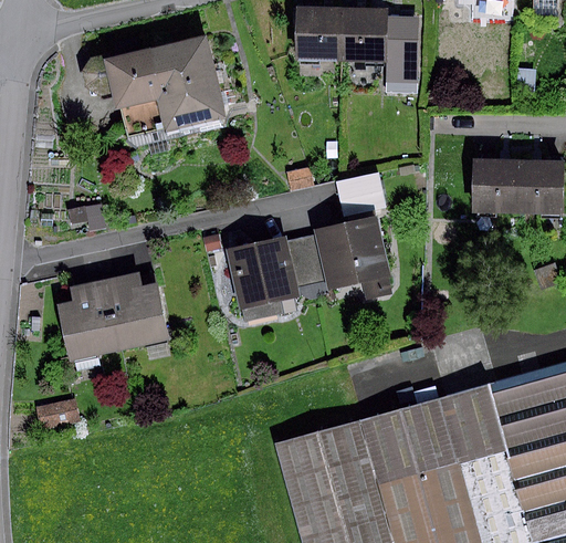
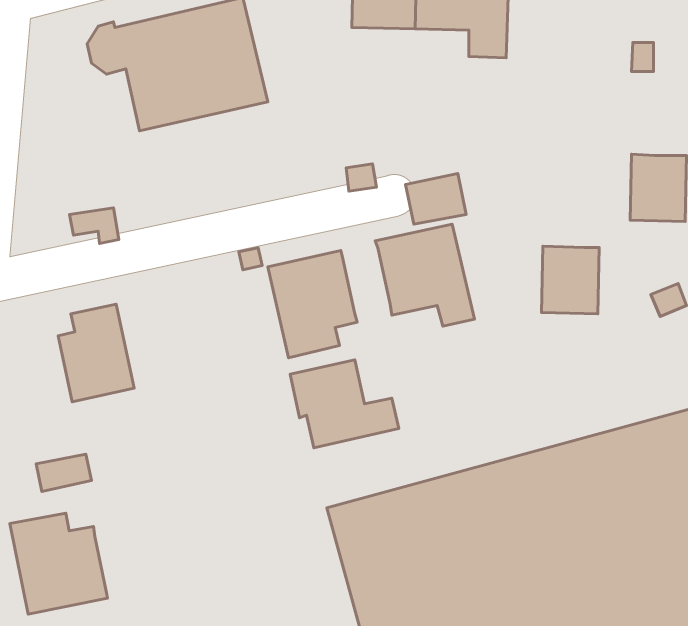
building: [472,158,518,212] -> [541,246,599,314]
building: [286,234,325,286] -> none
building: [105,273,168,347] -> none
building: none -> [290,360,399,448]
building: none -> [10,513,108,614]

